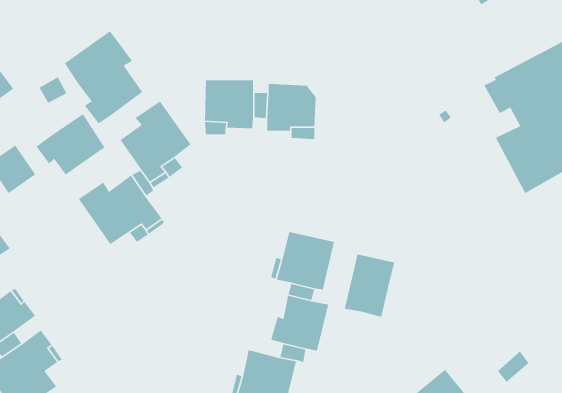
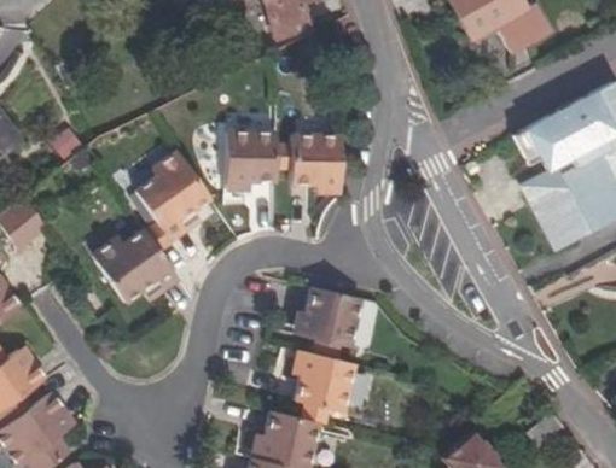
building: [64,30,143,124] -> none
building: [36,113,105,175] -> none
building: [344,254,395,318] -> none

